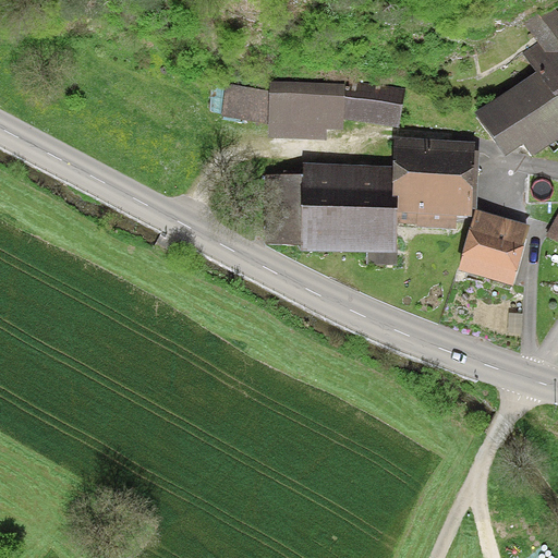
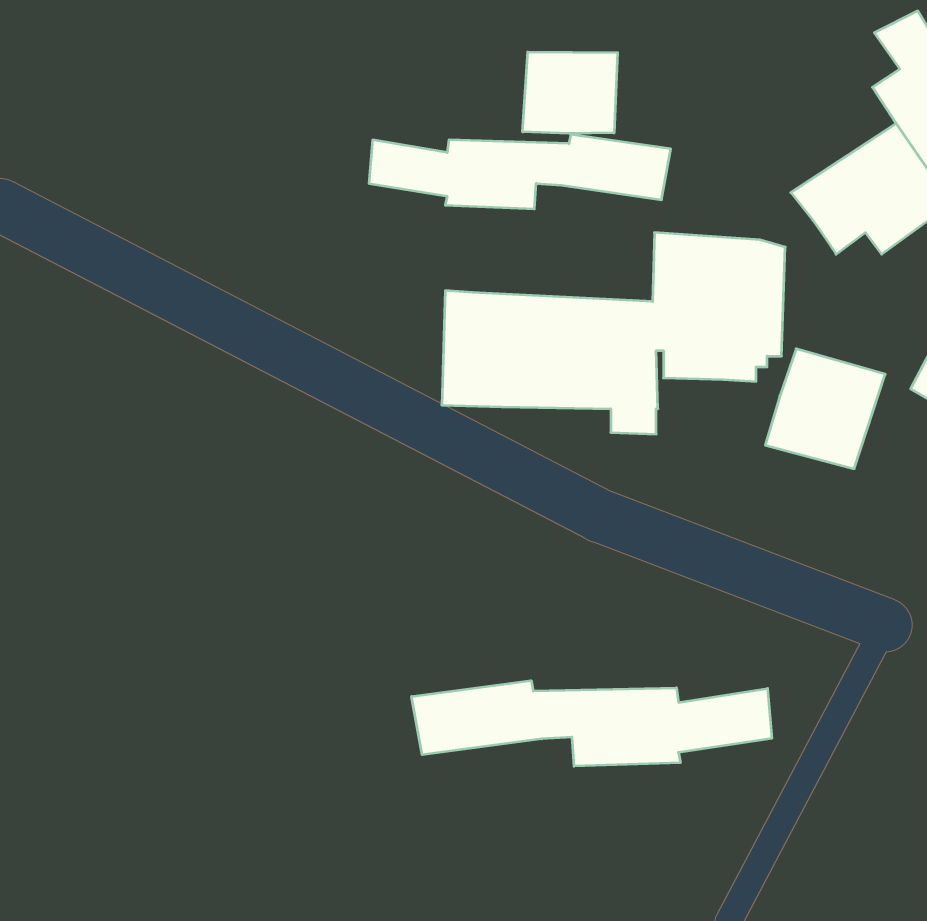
building: none -> [523,52,618,133]
building: none -> [412,681,772,766]

